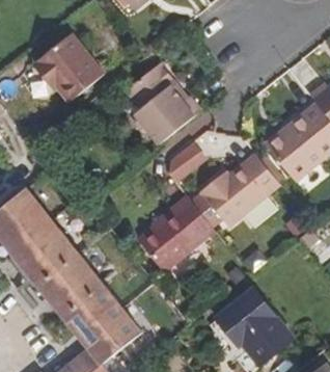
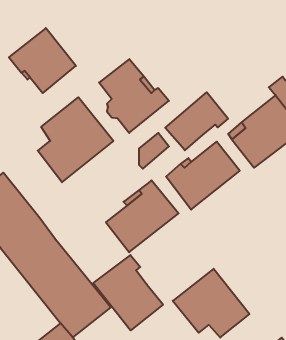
building: none -> [165,92,228,150]
building: none -> [38,97,113,182]
building: none -> [93,255,163,330]

